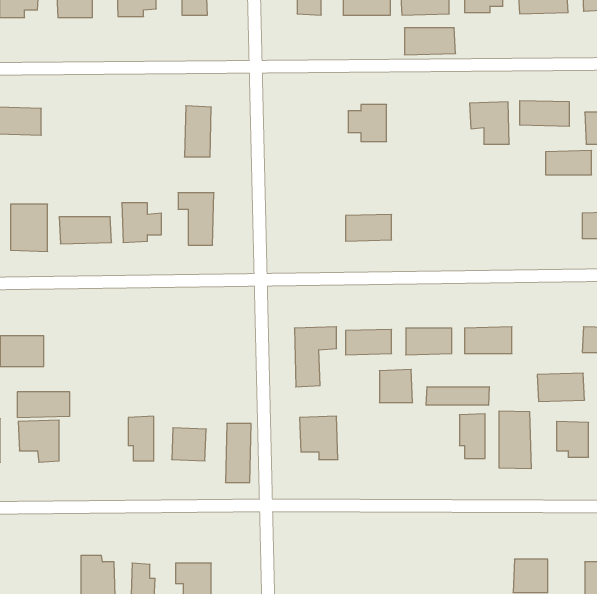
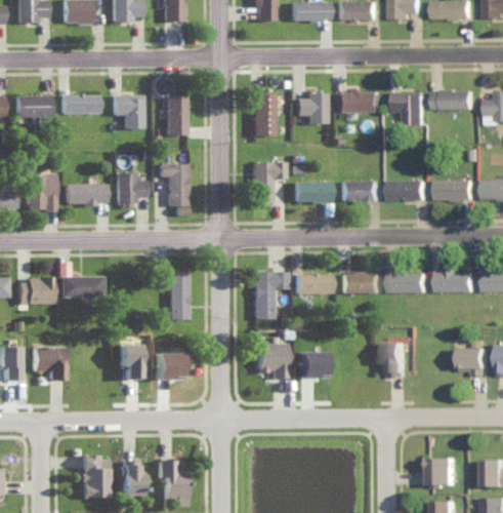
building: [404,28,456,55] -> [338,91,379,113]
building: none -> [252,93,275,136]
building: none -> [60,94,99,114]
building: none -> [112,94,143,129]
building: [546,150,592,175] -> [436,181,473,200]
building: none -> [252,162,286,205]
building: none -> [341,181,378,203]
building: none -> [388,182,426,201]
building: [379,369,413,403] -> [300,351,327,378]
building: [537,373,585,401] -> [436,271,474,293]
building: [426,387,489,405] -> none
building: [17,392,70,417] -> [60,277,102,298]
building: [499,411,531,469] -> none
building: [225,424,251,482] -> [168,273,188,320]

